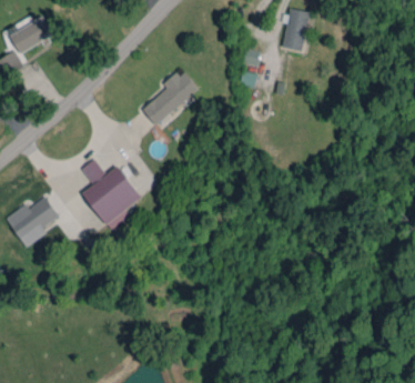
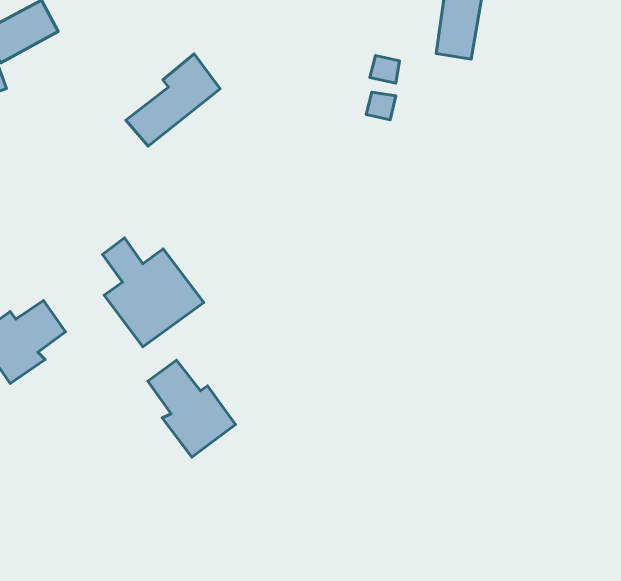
building: [142,69,199,124] -> [126,54,220,146]
building: none -> [148,360,235,457]

